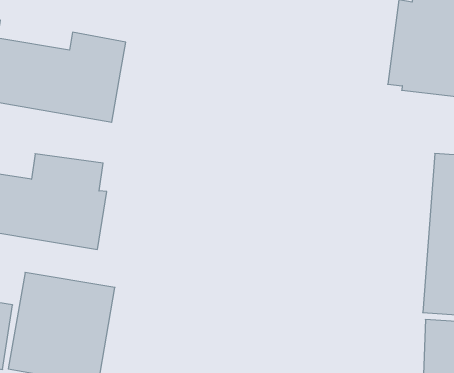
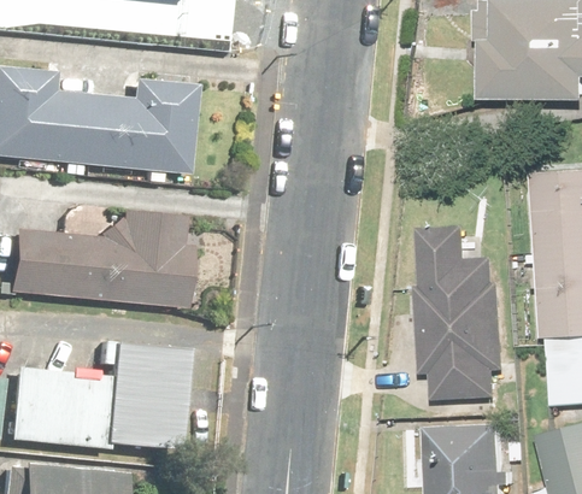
building: none -> [405,236,488,408]

